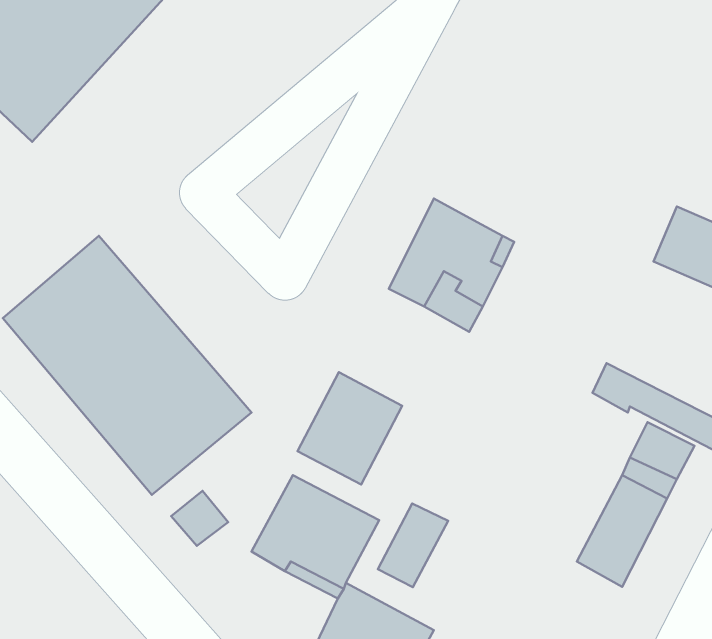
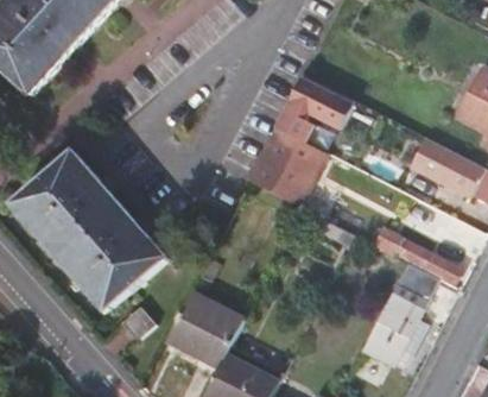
building: none -> [277,74,351,141]
building: [298,372,402,484] -> none
building: [378,503,448,587] -> none

